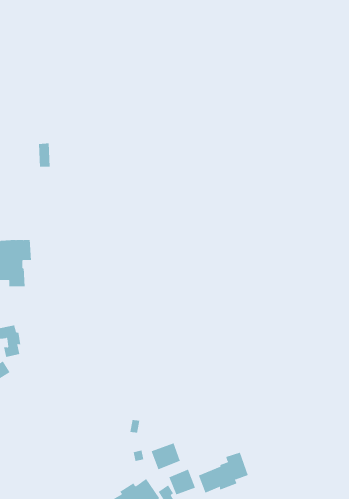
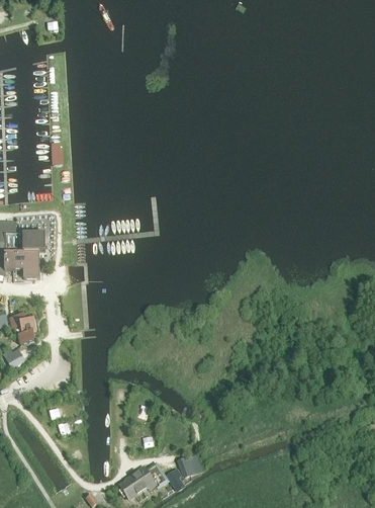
building: [151,443,180,470] -> none
building: [198,452,249,494] -> none

